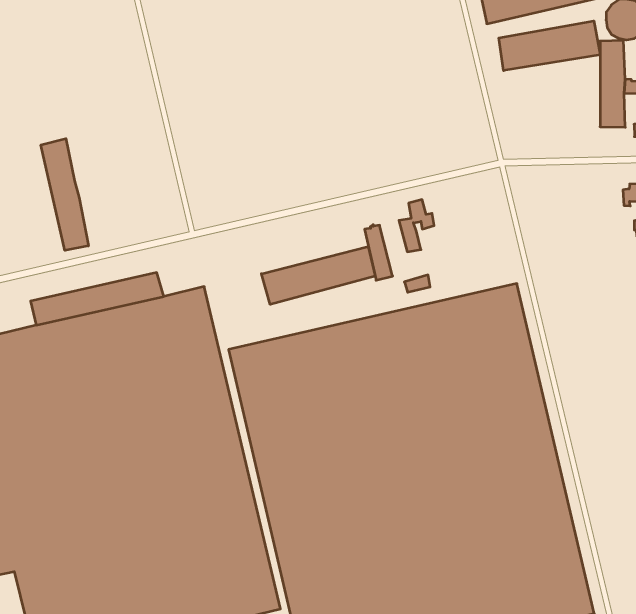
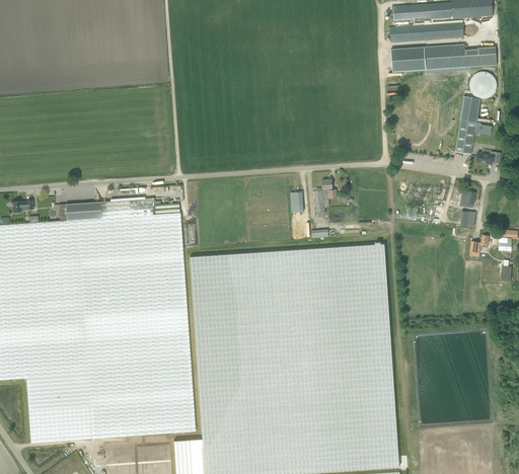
building: [499,21,600,71] -> none
building: [41,139,88,250] -> none
building: [261,246,375,304] -> none

